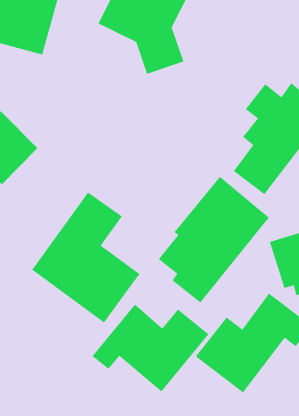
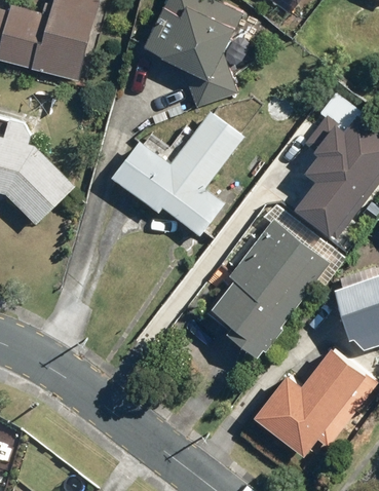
building: none -> [108,108,245,236]
building: [31,192,141,324] -> none
building: [92,304,210,393] -> none

